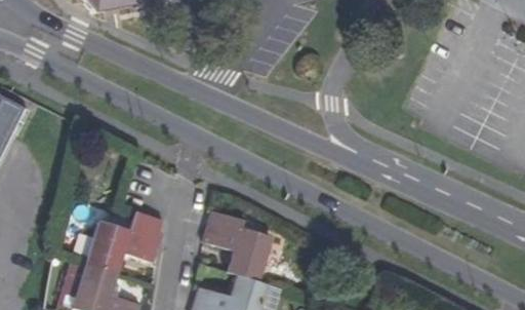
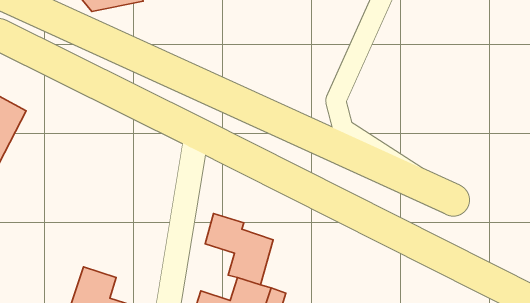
building: [85,210,165,274] -> none

